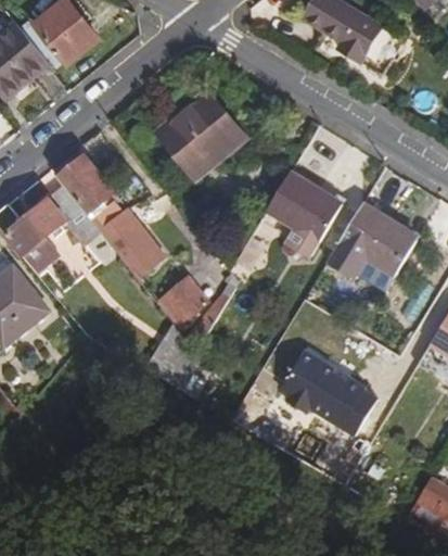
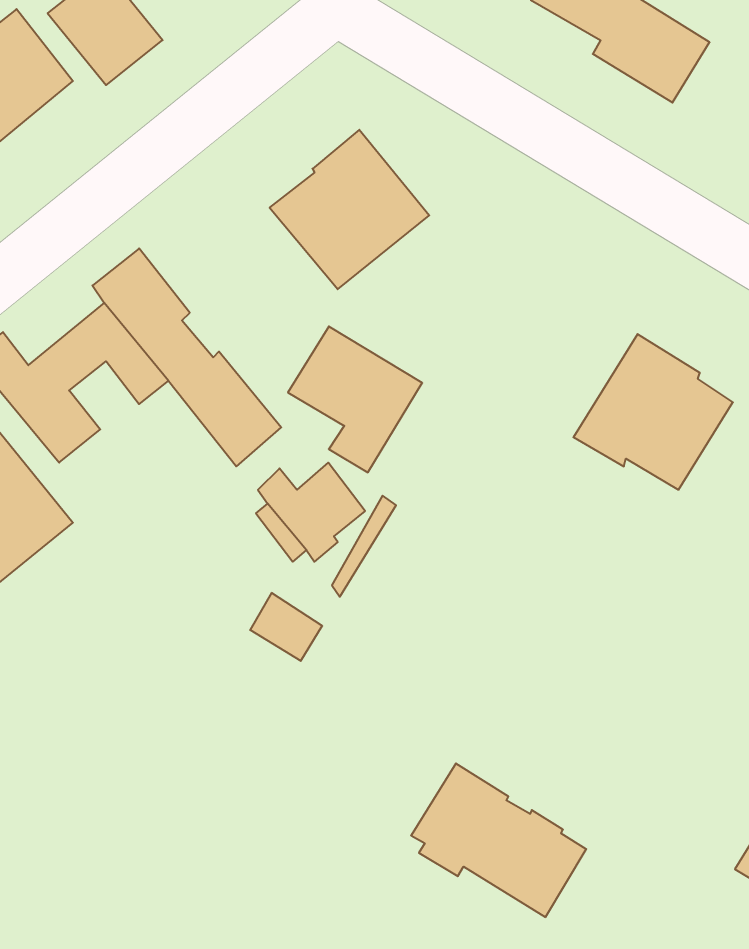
building: [266,173,341,254] -> [288,326,422,472]
building: [281,349,379,434] -> [411,763,586,917]

